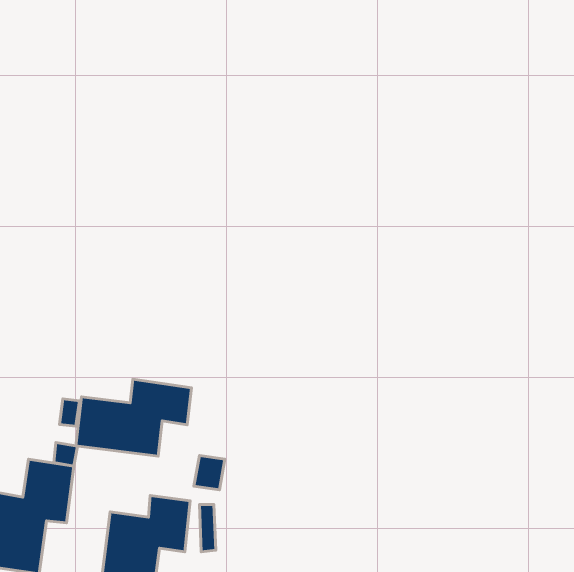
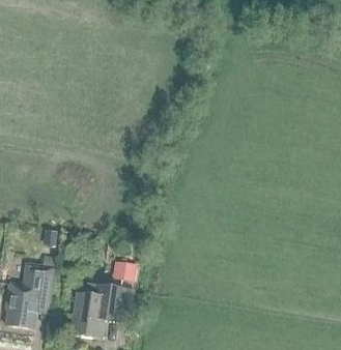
building: [76,379,192,456] -> none

